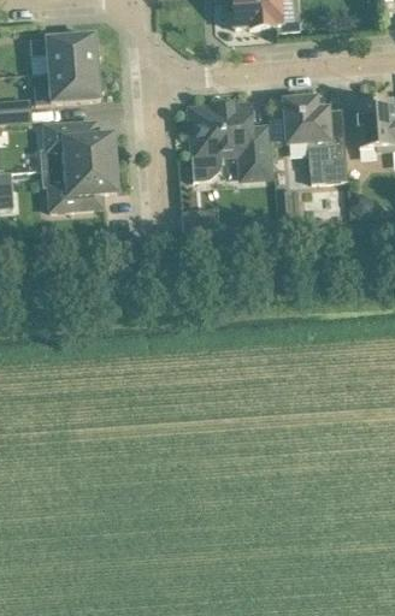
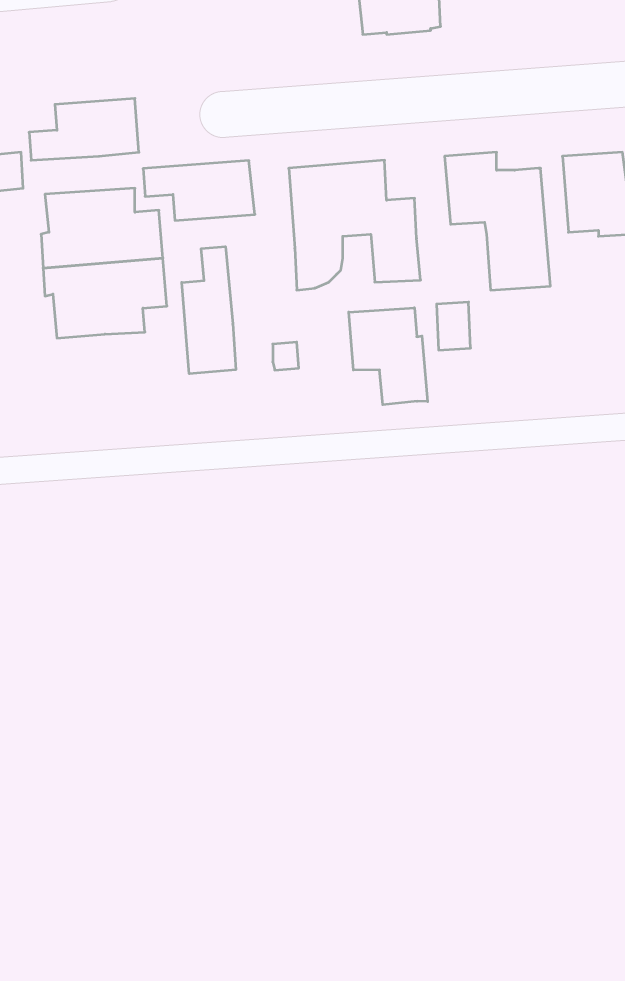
building: [31,34,99,70] -> [143,161,255,220]
building: none -> [182,247,236,374]
building: none -> [349,308,428,405]

